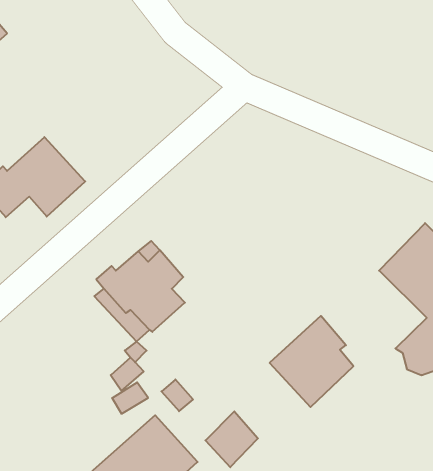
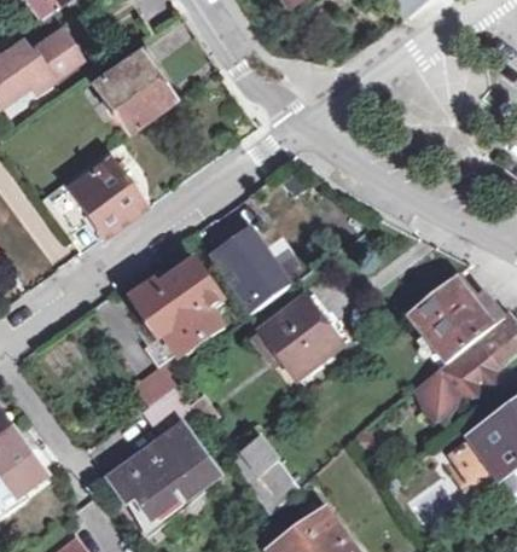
building: none -> [95,42,172,126]
building: none -> [208,229,287,315]
building: [270,316,353,407] -> [262,295,341,379]

